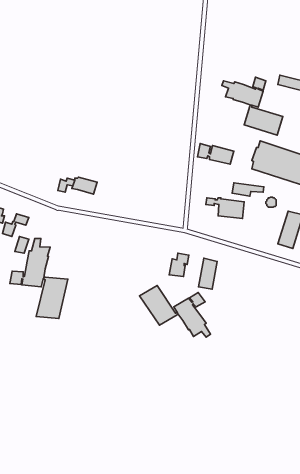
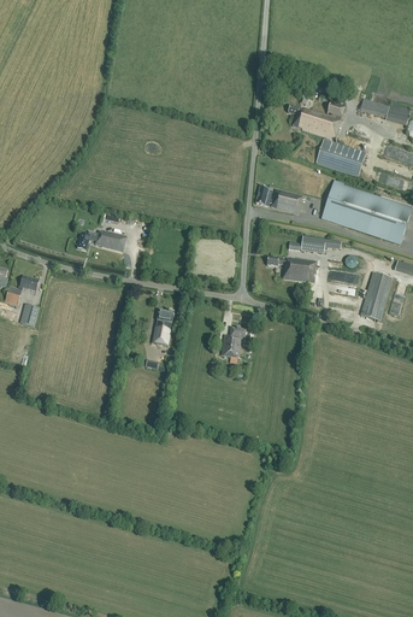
building: [10,239,68,319] -> none
building: none -> [151,308,173,345]
building: [198,258,217,289] -> none
building: [140,285,210,337] -> none

